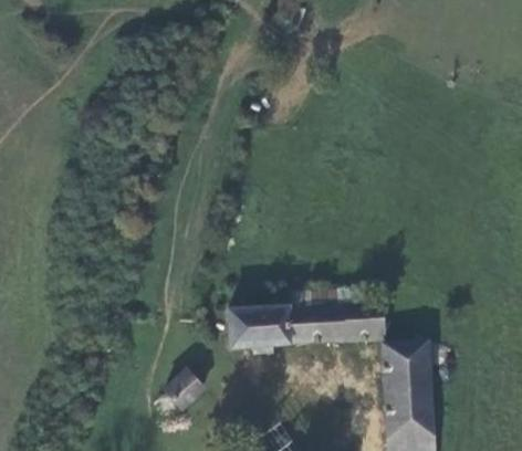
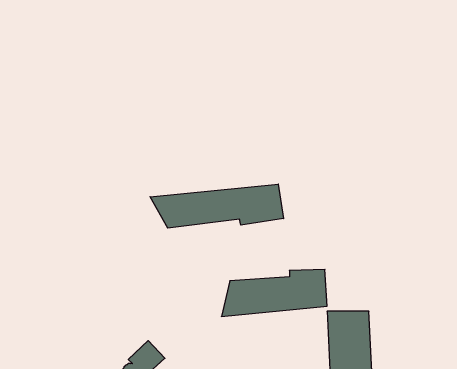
building: none -> [150,184,284,228]
building: [234,311,279,352] -> none

